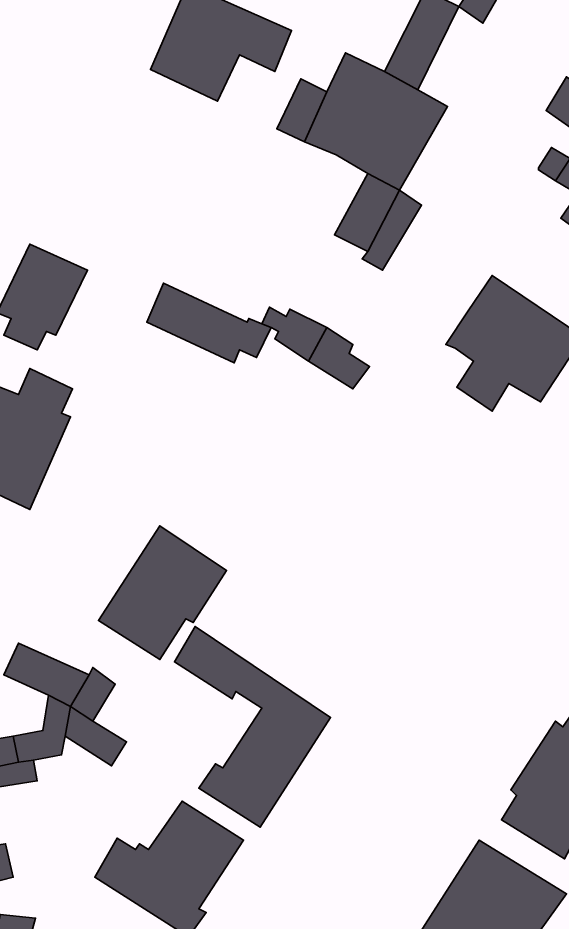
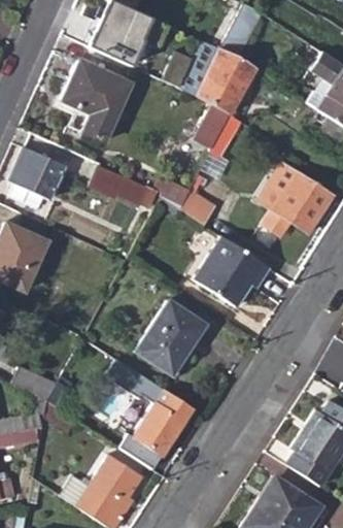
building: none -> [61,59,133,143]
building: none -> [195,236,270,307]
building: [98,526,227,660] -> [135,299,206,373]

